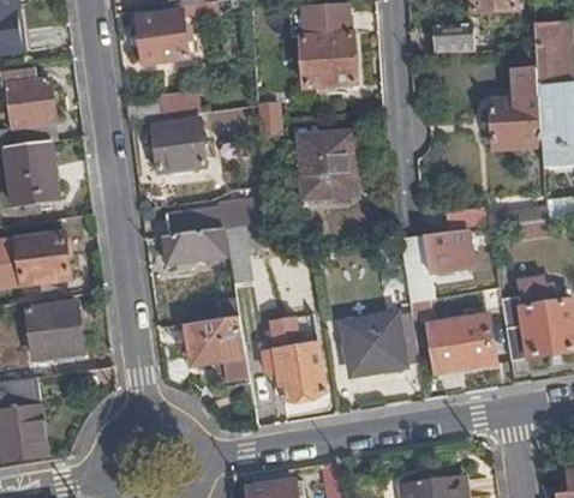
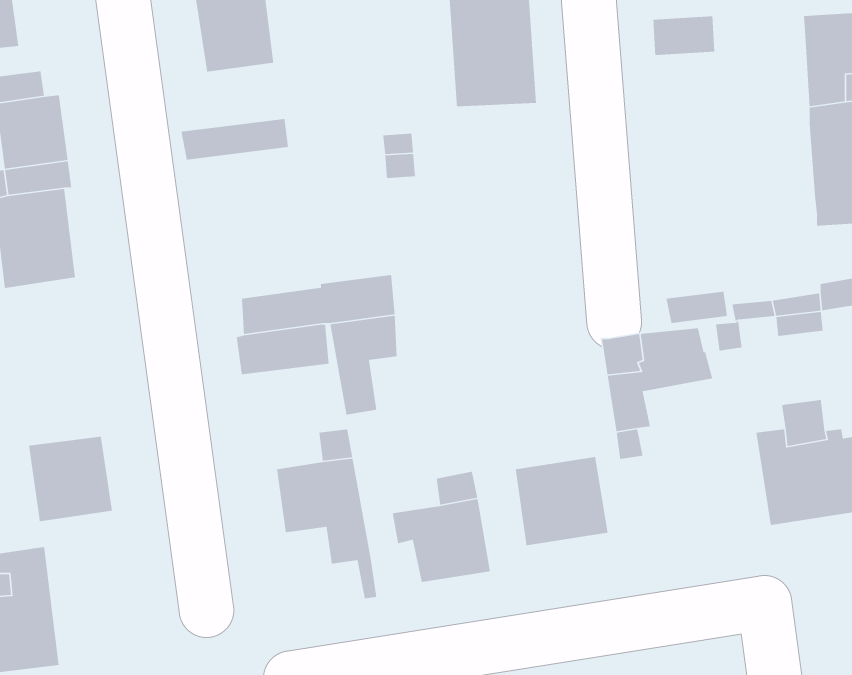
building: [490,97,539,148] -> none
building: [151,119,205,170] -> none
building: [301,133,354,197] -> none
building: [13,233,67,284] -> none
building: [429,316,495,371] -> none

